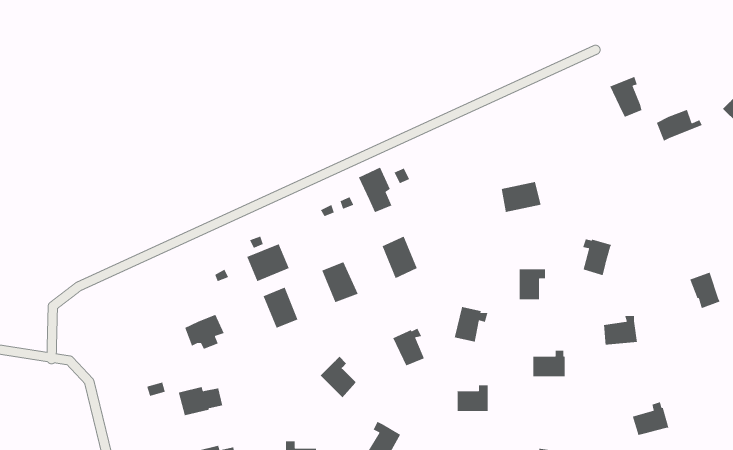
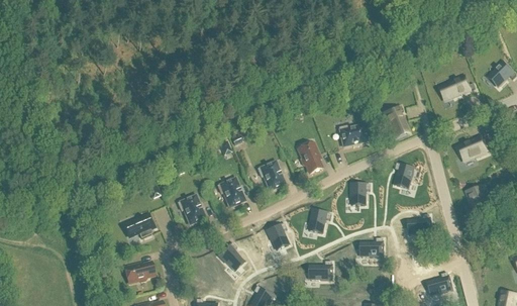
building: [609,76,642,118] -> [383,105,405,133]
building: [358,167,393,213] -> [298,142,321,174]
building: none -> [457,137,487,162]
building: [246,243,290,282] -> none

